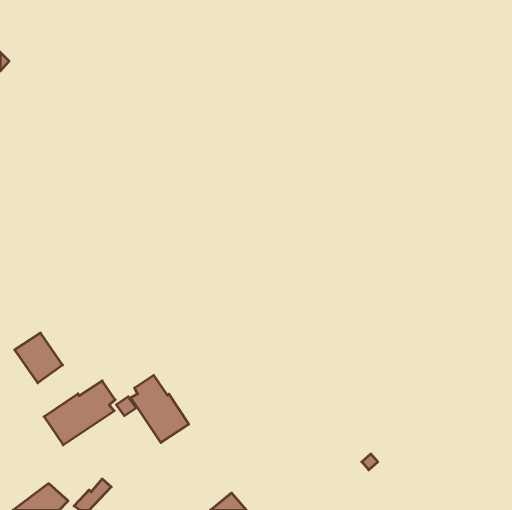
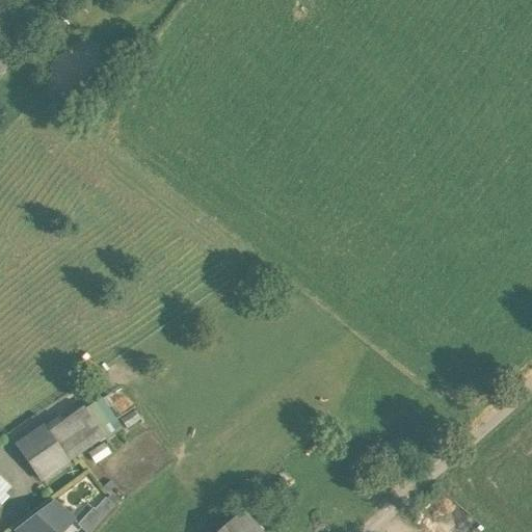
building: [15,333,63,383] -> [16,428,65,480]
building: [131,375,189,443] -> none

